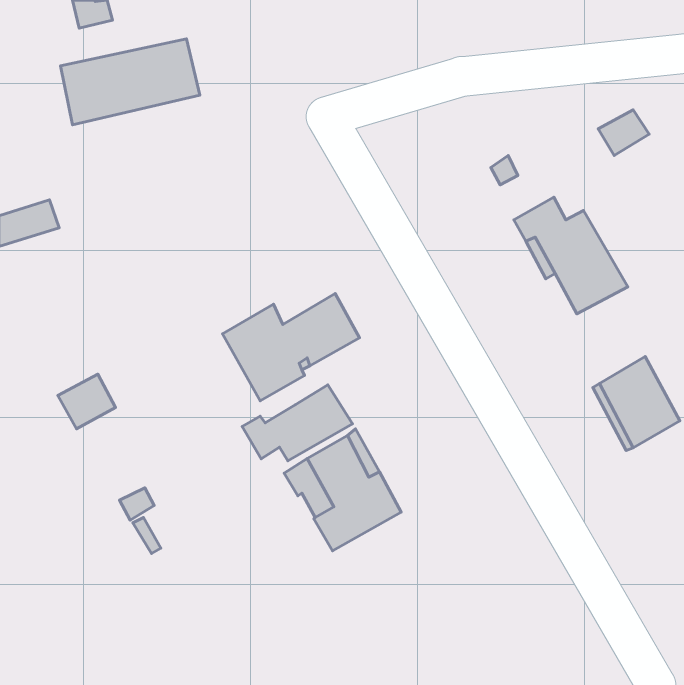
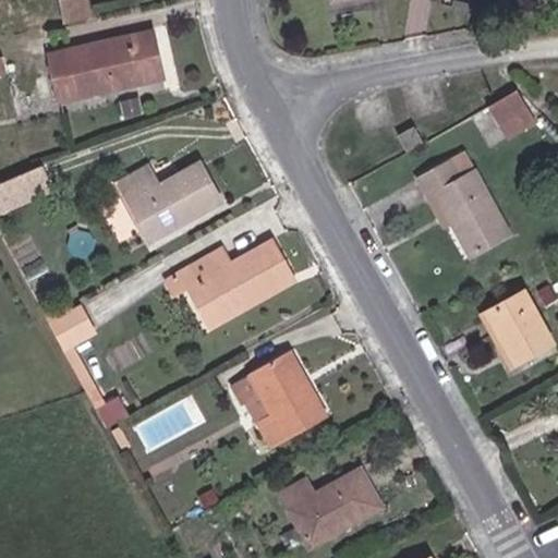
building: none -> [117,161,221,241]
building: [242,385,353,461] -> none
building: none -> [280,466,383,547]

